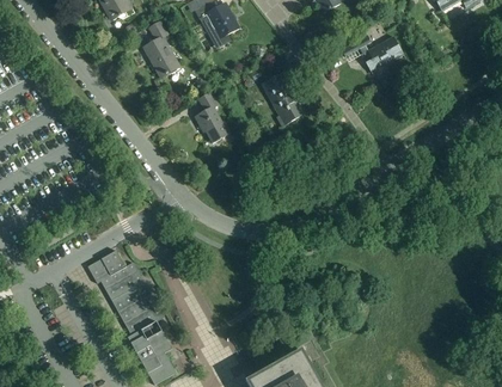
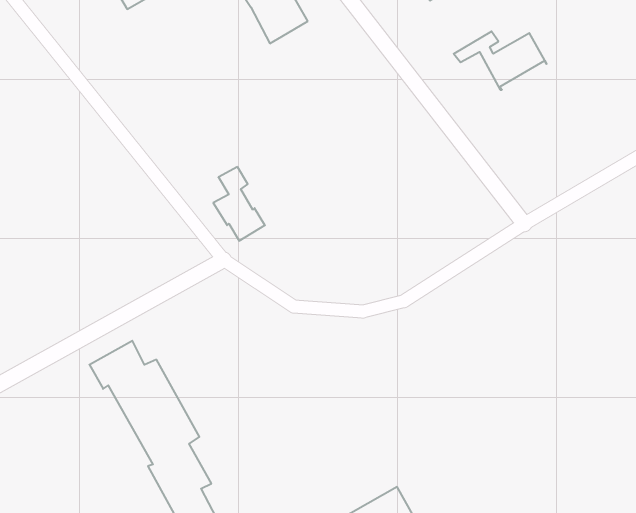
building: [143,20,180,78] -> none
building: [262,73,304,127] -> none
building: [195,92,231,143] -> [213,167,265,241]

